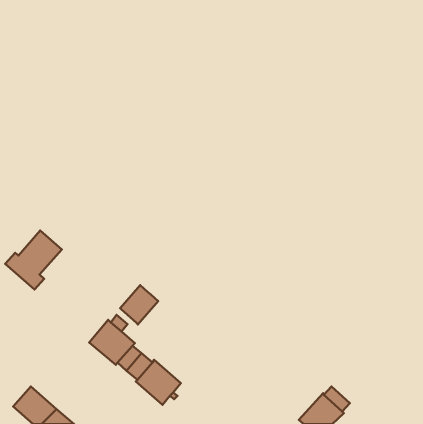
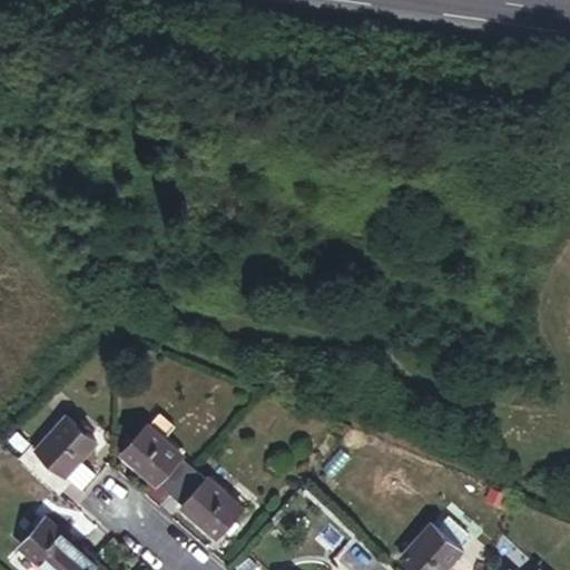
building: [5,230,62,290] -> [20,417,96,497]
building: [120,285,158,324] -> none

